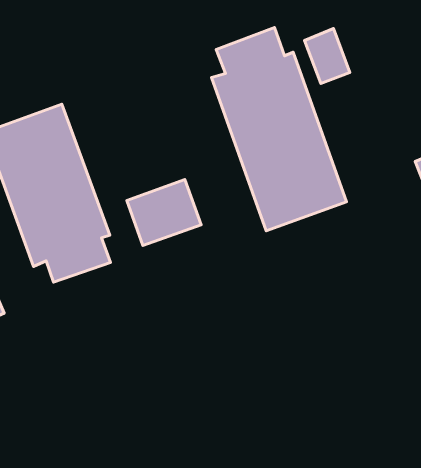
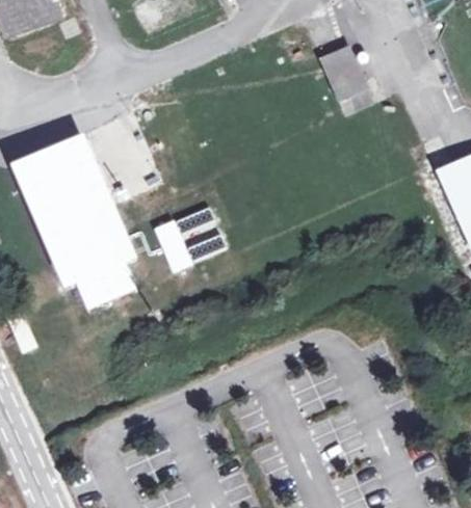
building: [211,28,346,231] -> none

